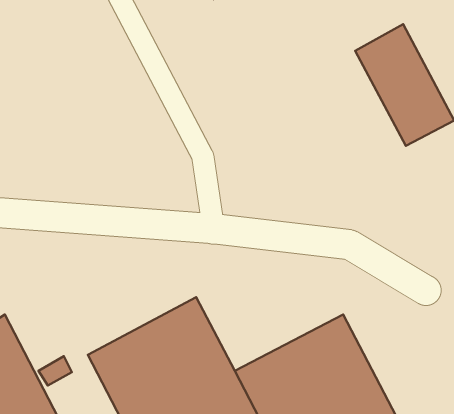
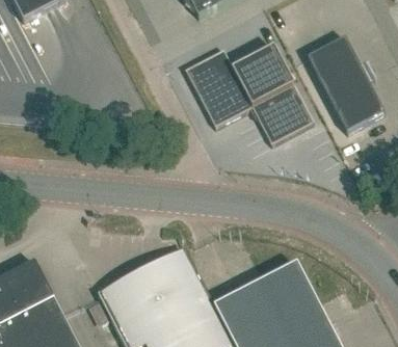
building: none -> [184,45,313,143]

